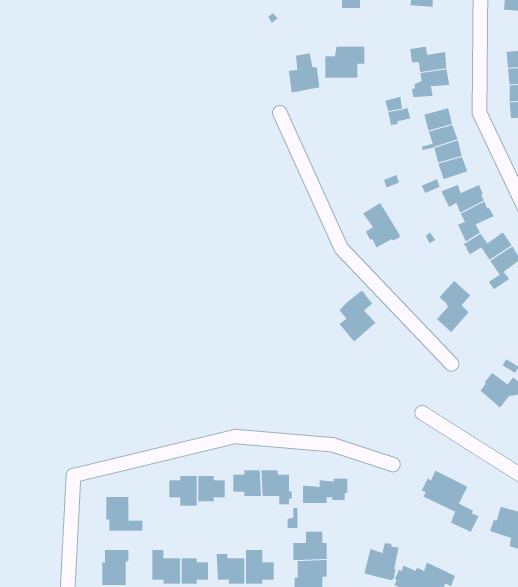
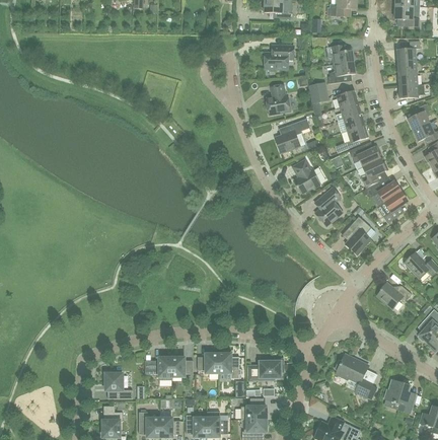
building: [288,53,320,93] -> [267,84,290,114]
building: none -> [275,118,310,152]
building: [338,289,376,342] -> [315,187,343,225]
building: [364,542,399,581] -> none

